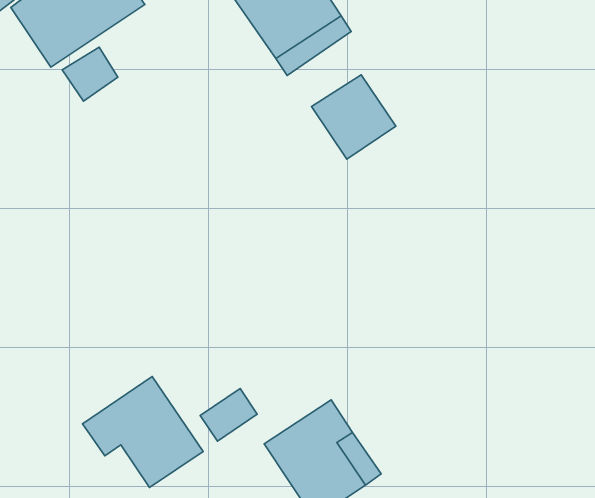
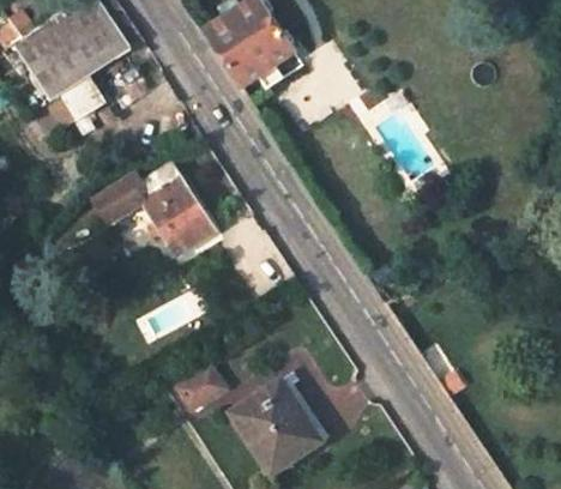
building: [311,75,396,159] -> none
building: none -> [94,165,215,255]
building: [83,377,203,487] -> none

